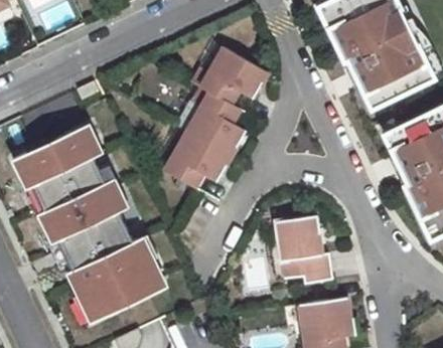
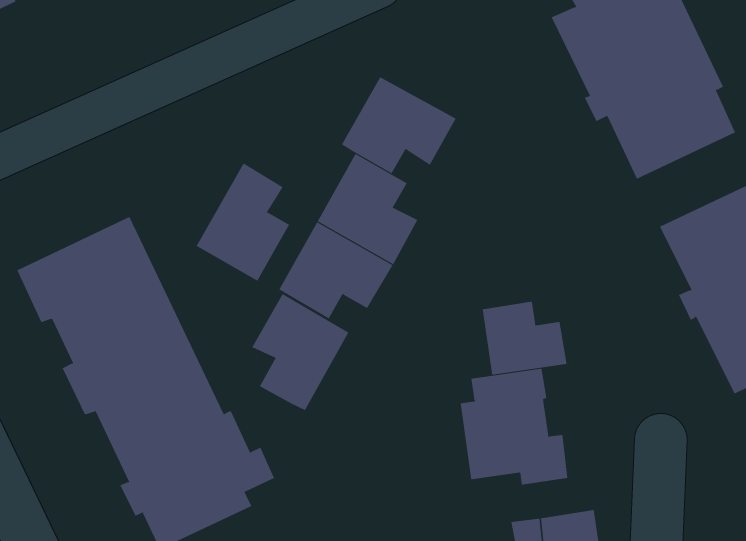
building: none -> [196,163,290,281]
building: none -> [252,293,349,411]
building: none -> [482,301,567,375]

